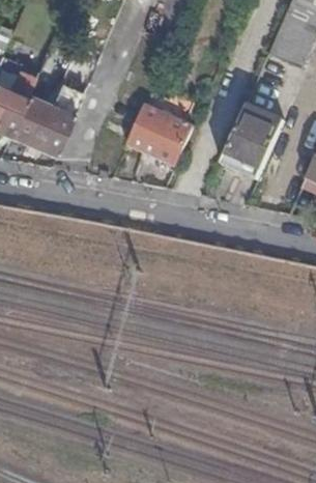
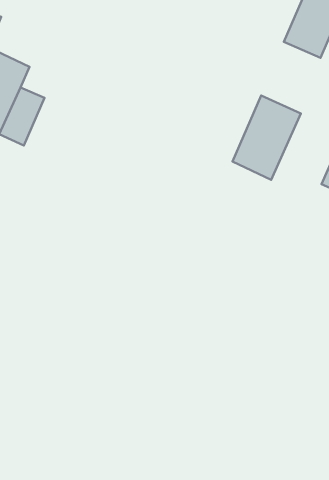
building: [32,104,74,158] -> none
building: [128,104,193,165] -> none

